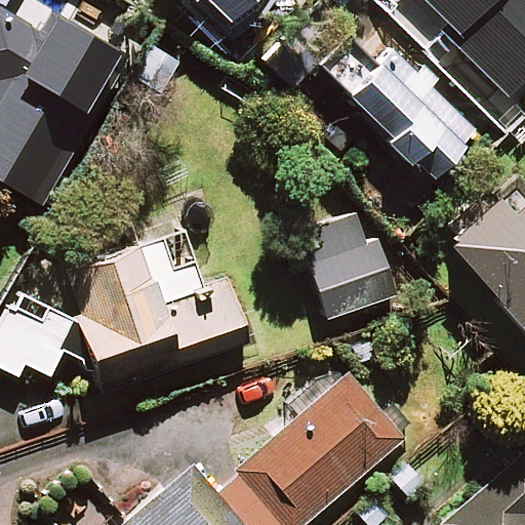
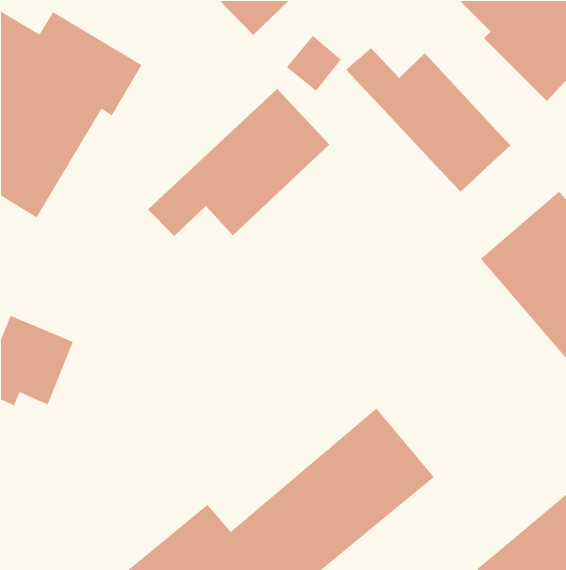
building: none -> [147,88,330,237]
building: [302,217,395,318] -> none
building: [63,230,246,391] -> none

